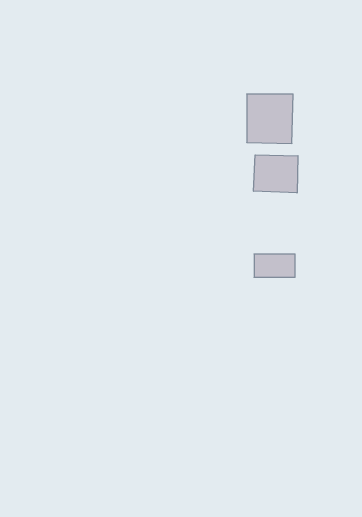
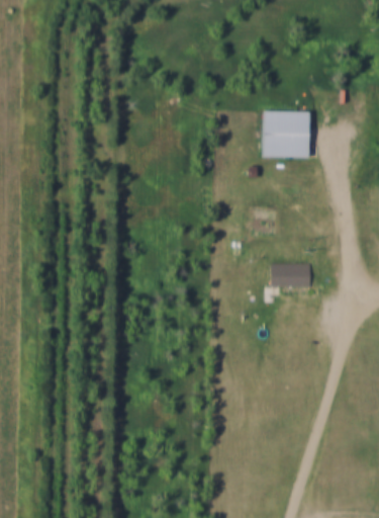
building: [254,155,298,193] -> none

